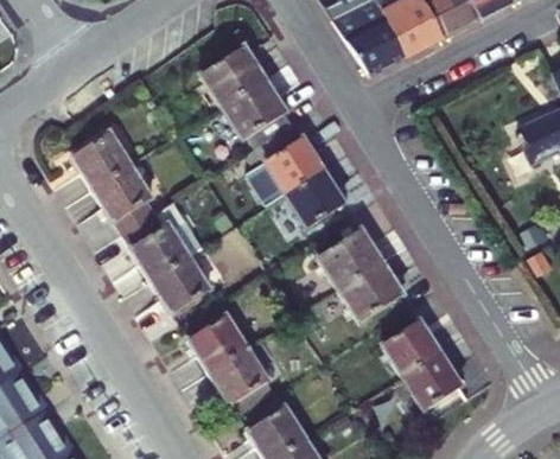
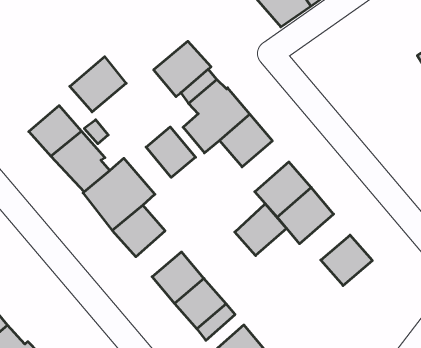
building: [198,44,262,104] -> [70,57,126,112]
building: none -> [146,127,196,177]
building: none -> [235,204,287,256]
building: [401,351,459,408] -> none

